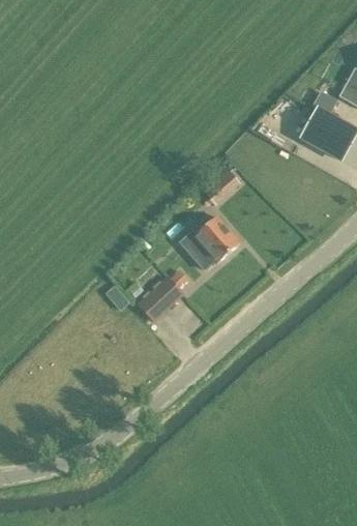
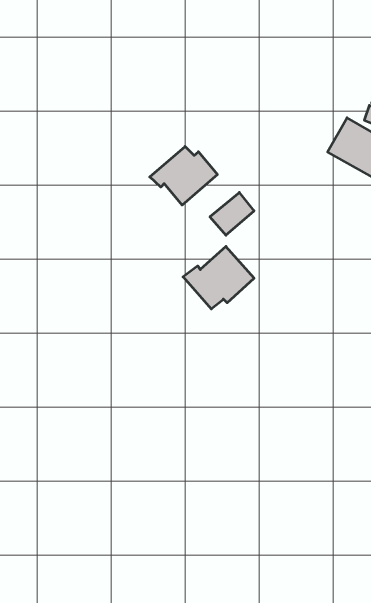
building: none -> [150,146,217,205]
building: [138,275,182,320] -> none

